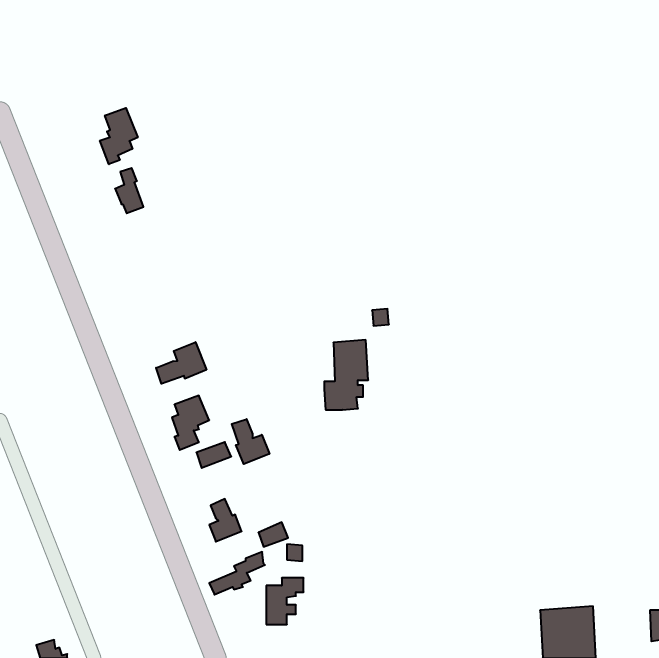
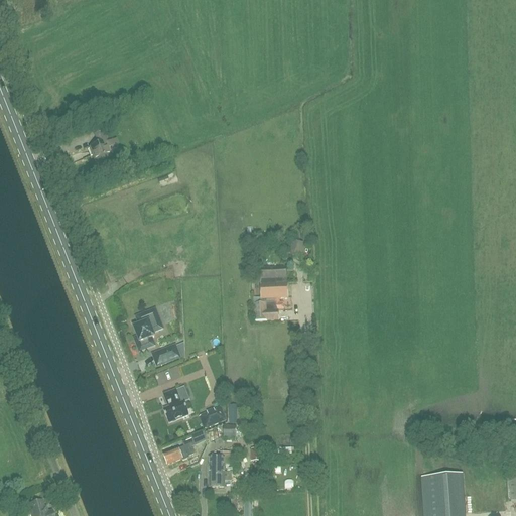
building: [100,108,138,164] -> none
building: [156,342,206,384] -> none
building: [232,419,269,464] -> none

